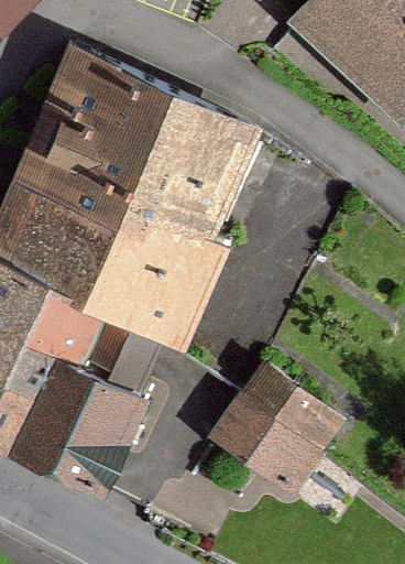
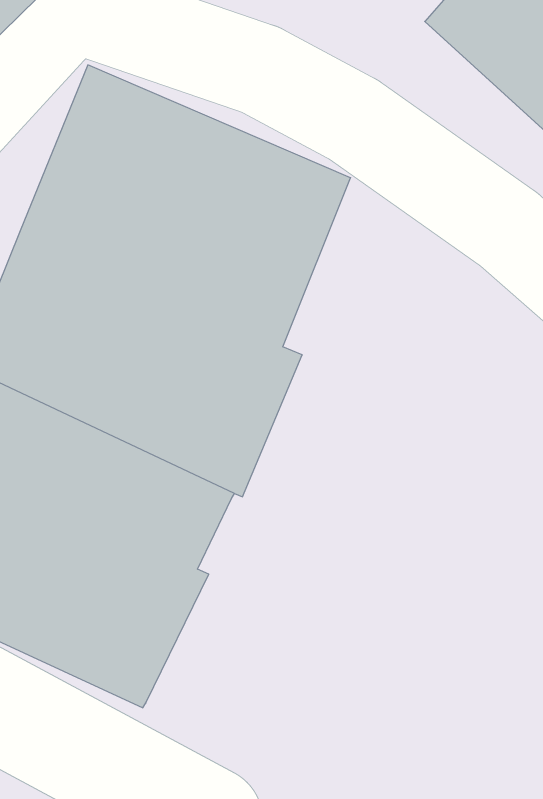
building: [217,370,337,489] -> none

